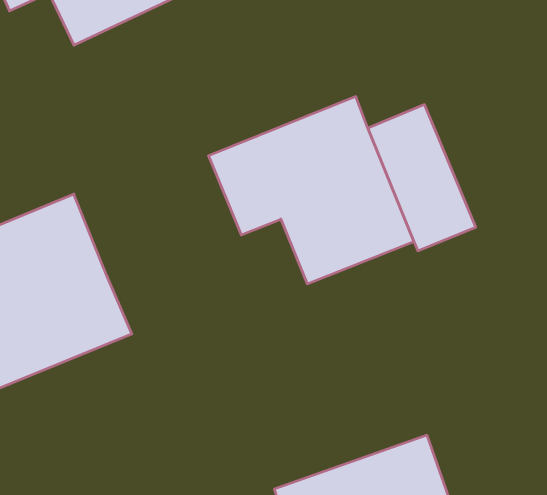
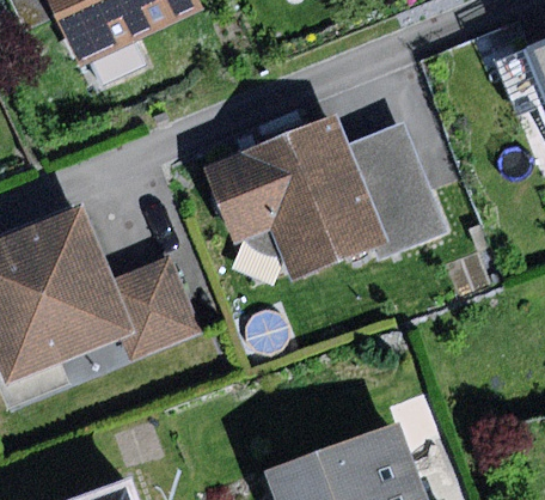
building: none -> [112,256,198,355]

